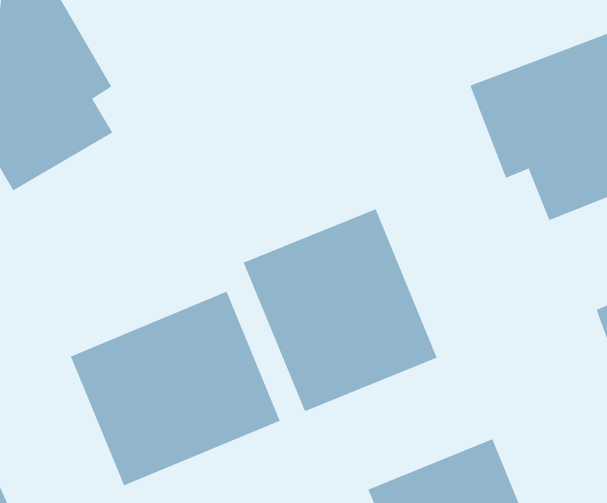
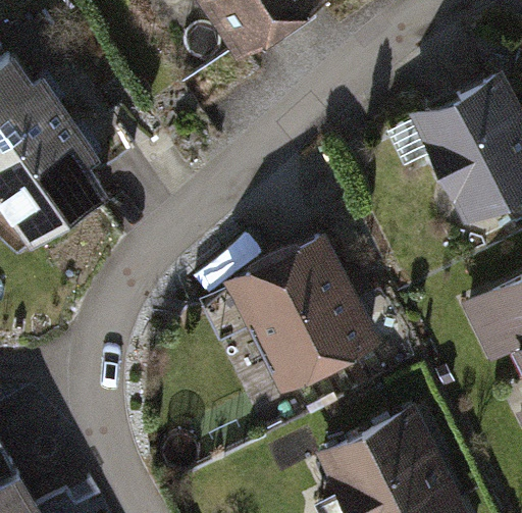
building: [70,291,280,486] -> none

